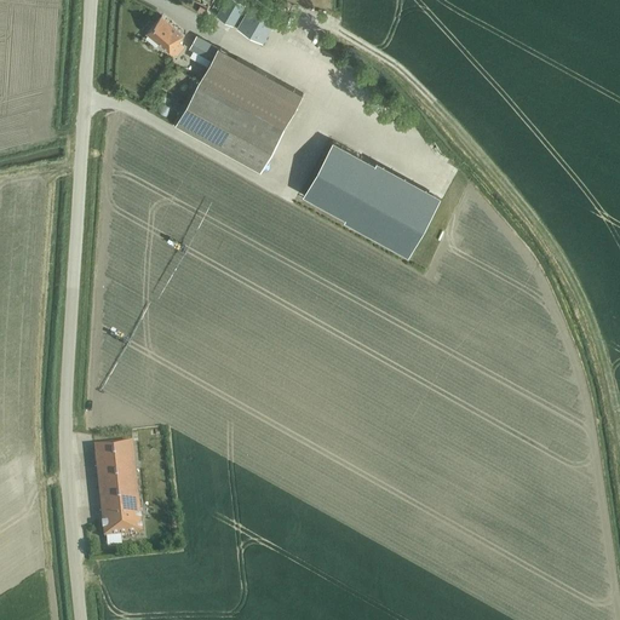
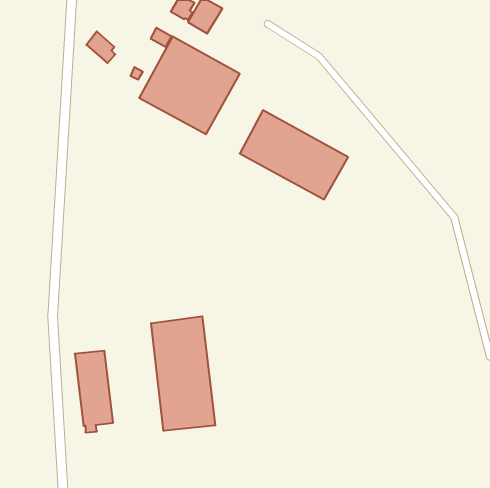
building: [148,18,184,58] -> [86,31,115,63]
building: none -> [151,316,215,431]

